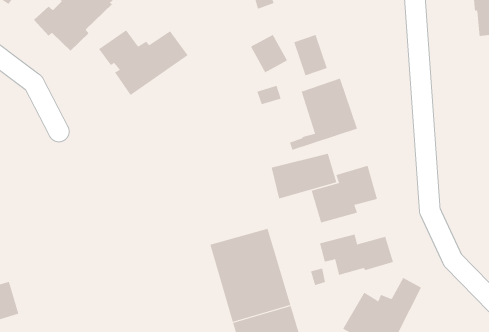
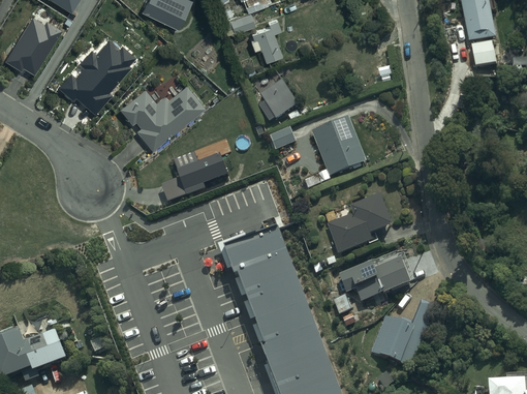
building: [293,34,328,76] -> none
building: none -> [162,151,227,201]
building: [271,153,337,199] -> [228,234,291,280]

